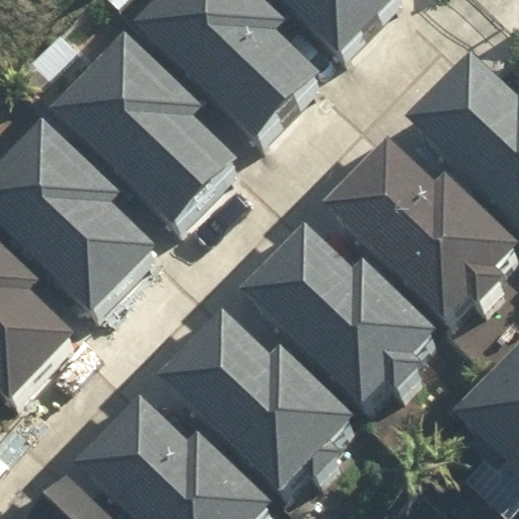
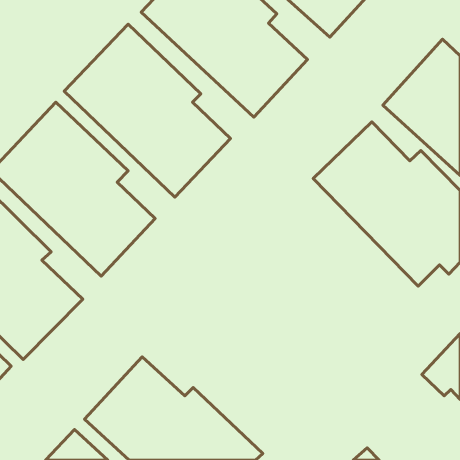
building: [261,218,450,401] -> none
building: [178,302,368,491] -> none

